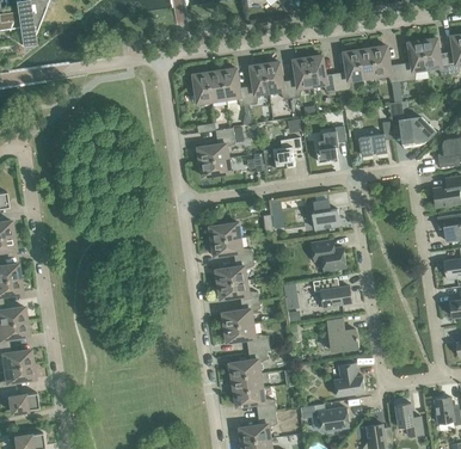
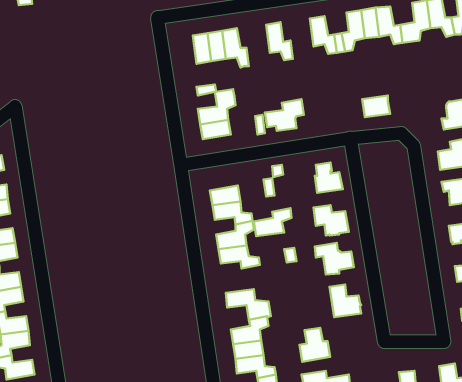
building: [288,57,311,97] -> none
building: [245,63,268,104] -> none
building: [388,100,435,148] -> none
building: [315,124,345,161] -> none
building: [222,299,259,326] -> [254,208,292,236]
building: [333,362,363,395] -> [300,328,330,362]

